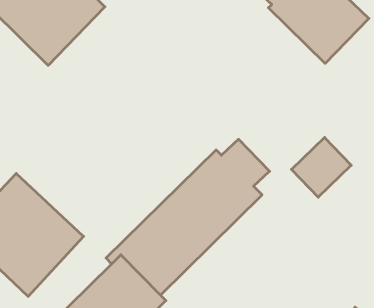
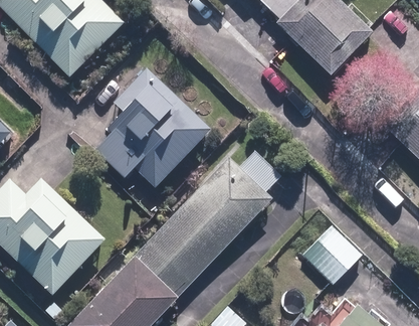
building: none -> [96,67,212,187]
building: [291,137,351,197] -> [303,228,360,285]

